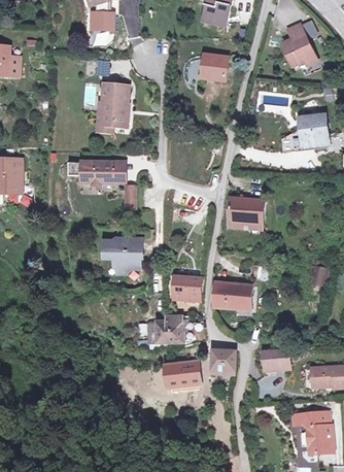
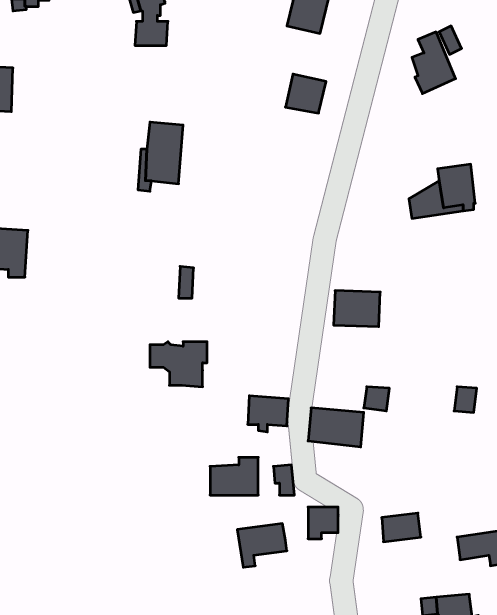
building: [67,160,118,180] -> none

